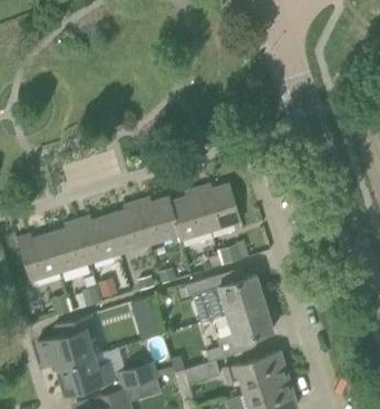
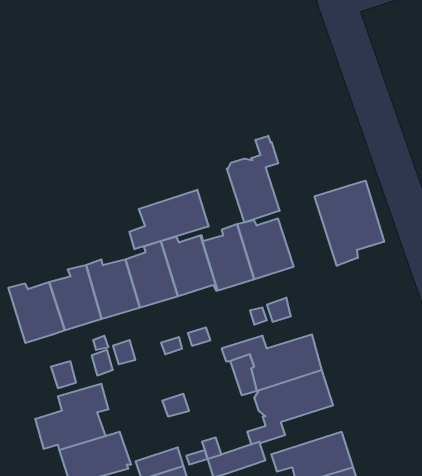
building: none -> [227,136,280,222]
building: none -> [315,181,384,266]
building: none -> [129,190,209,249]

